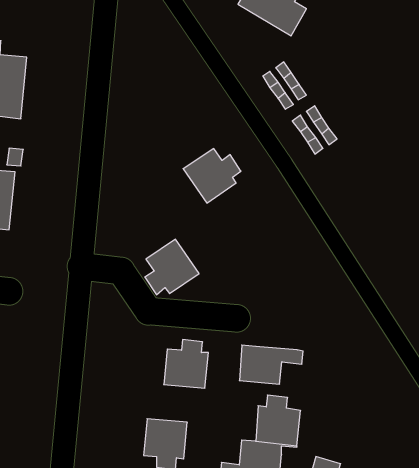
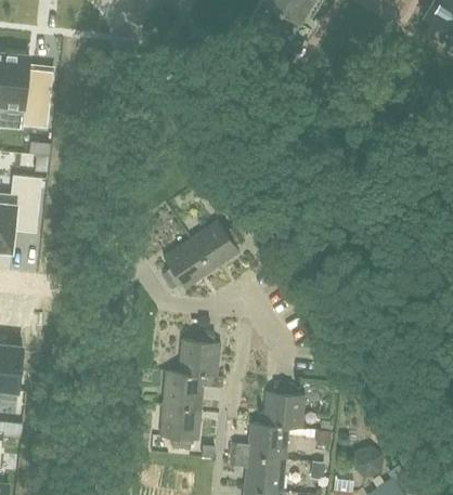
building: [183,149,241,203] -> [189,220,242,270]
building: [239,345,303,384] -> [163,370,221,406]

